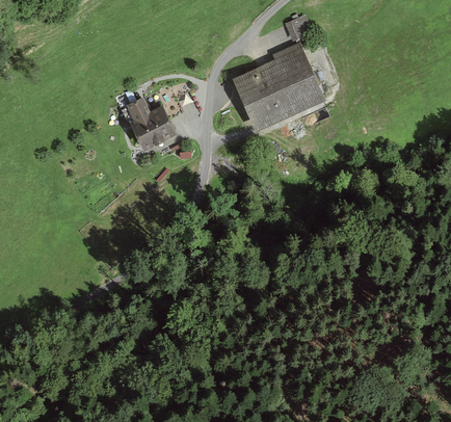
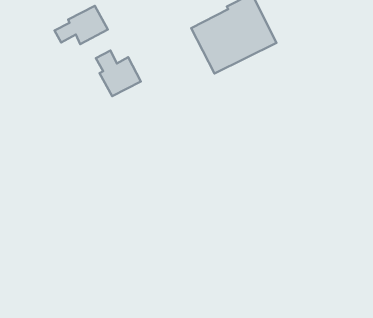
building: none -> [54,6,108,44]

